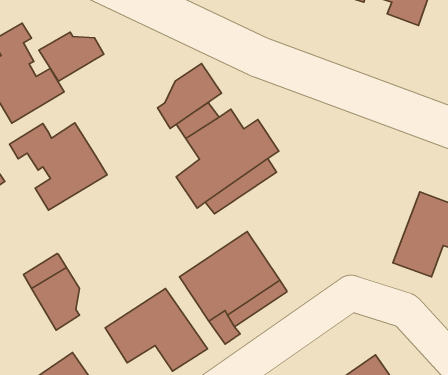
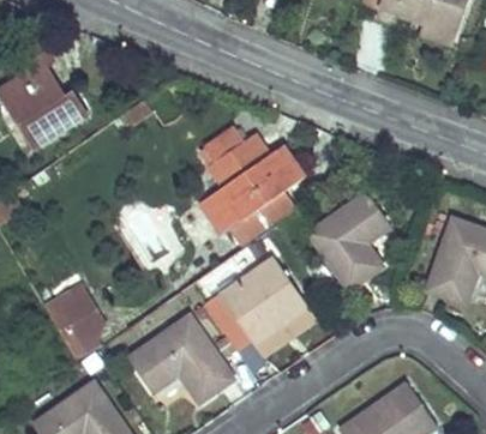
building: [39,32,104,81] -> none
building: [158,64,221,128] -> none
building: [10,123,107,210] -> none
building: none -> [307,191,391,289]

